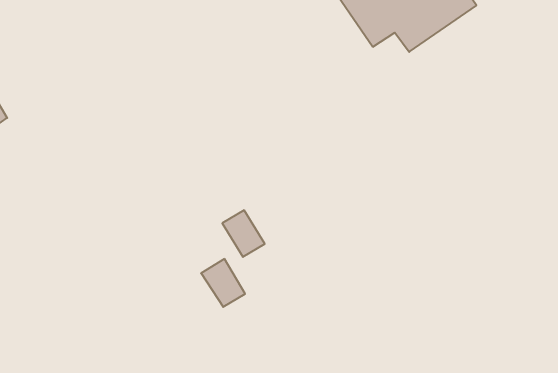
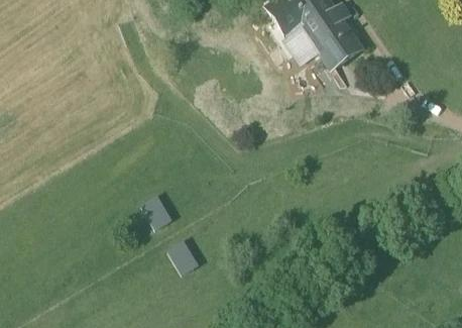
building: [222,210,265,257] -> [138,192,171,228]

